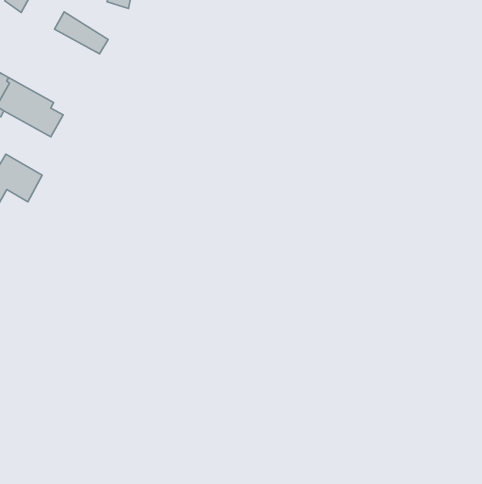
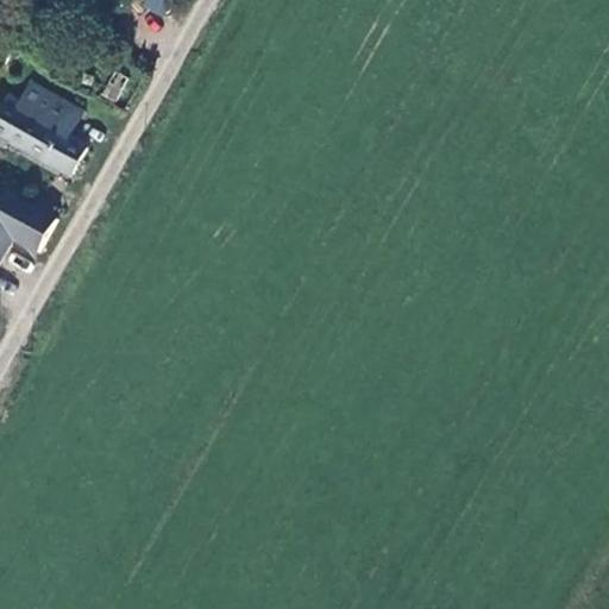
building: [54,12,108,54] -> [11,75,77,127]

